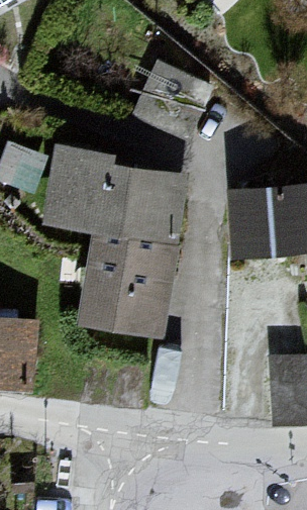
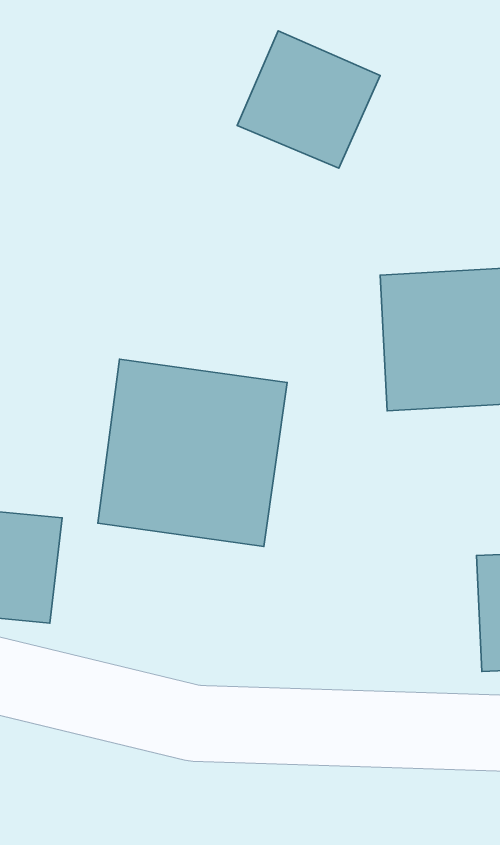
building: [32,146,185,246] -> none

